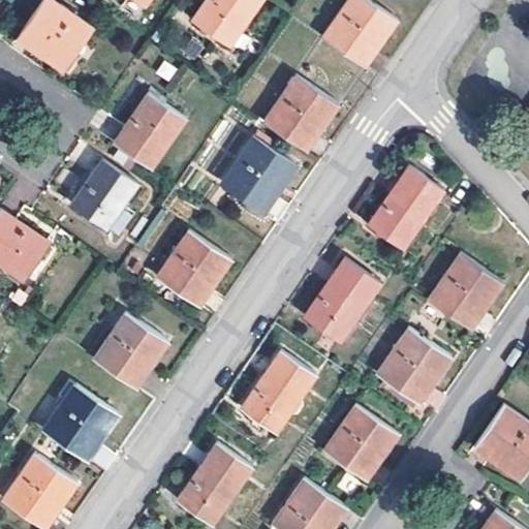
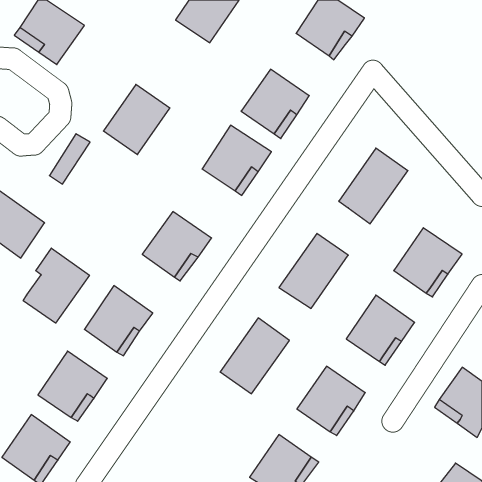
building: [70,162,135,231] -> none
building: none -> [23,248,89,323]
building: [177,441,251,523] -> none

